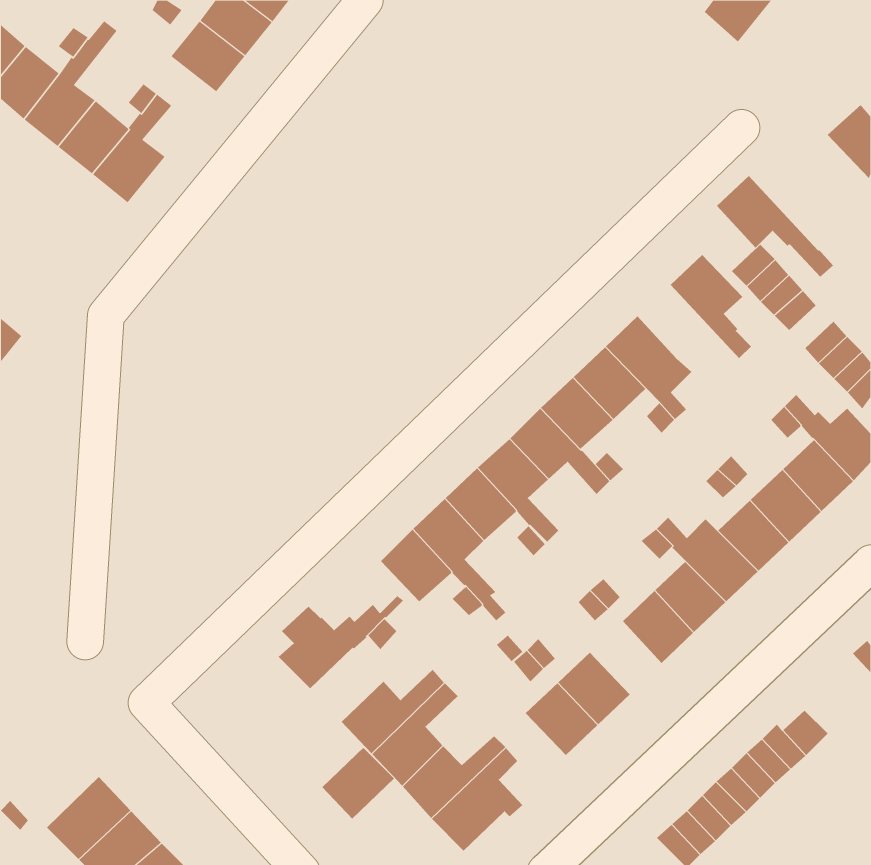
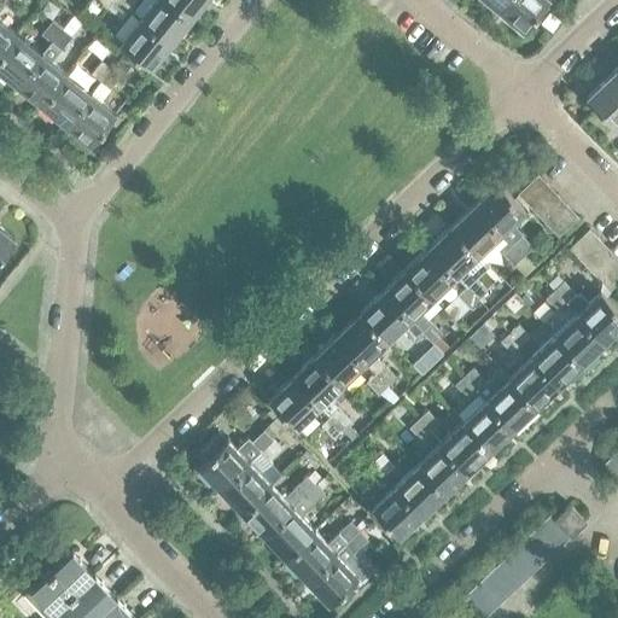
building: [716,175,834,277] -> [451,206,535,279]
building: none -> [418,444,468,496]
building: [321,746,395,820] -> [220,464,272,515]

